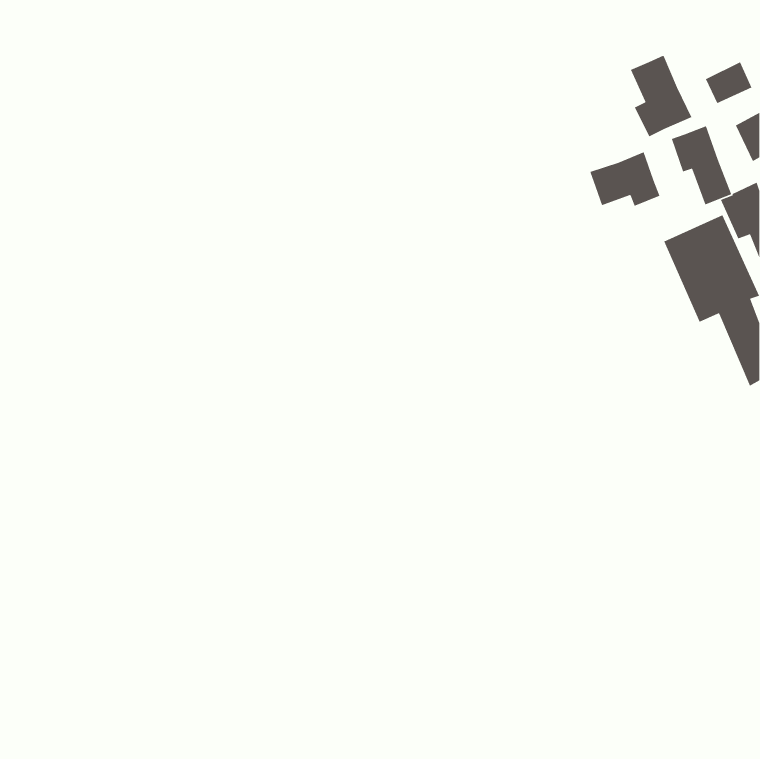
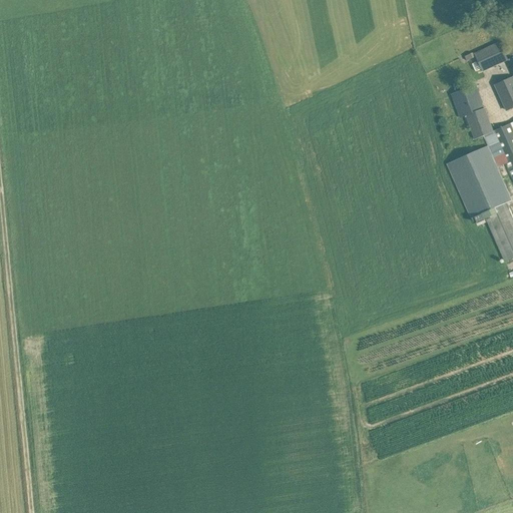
building: [630,55,693,137] -> none
building: [590,151,661,207] -> none

